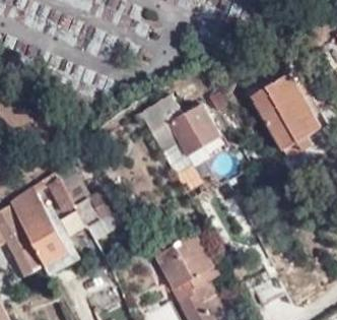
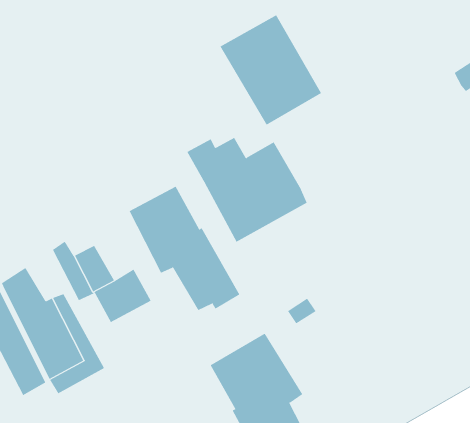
building: [250,72,321,149] -> [220,14,322,125]
building: none -> [129,186,240,311]

